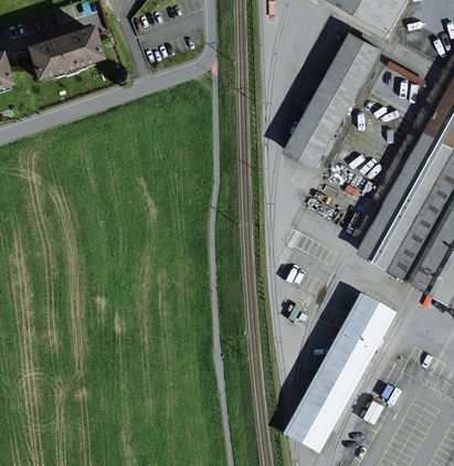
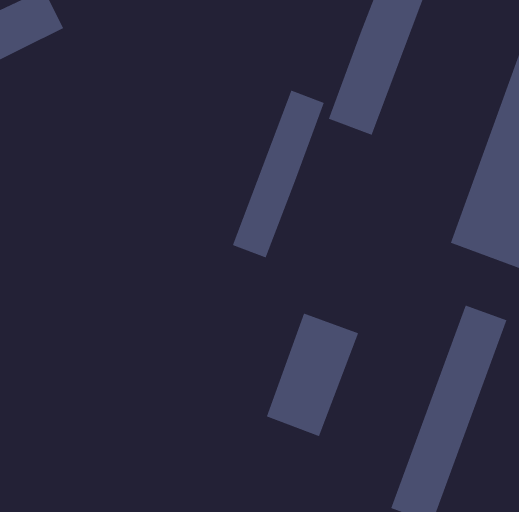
building: none -> [232,90,325,258]
building: none -> [266,312,359,437]

